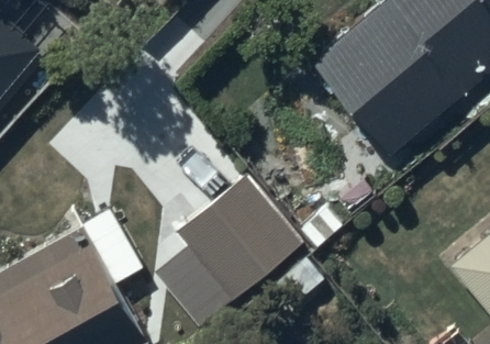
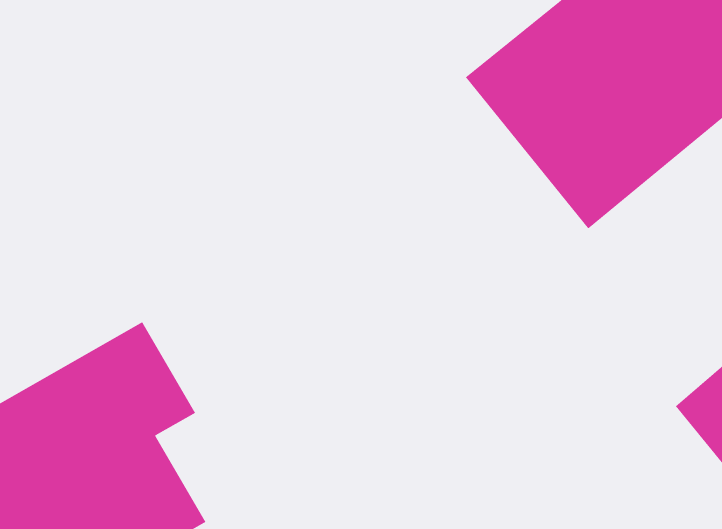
building: [158,177,301,326] -> none

